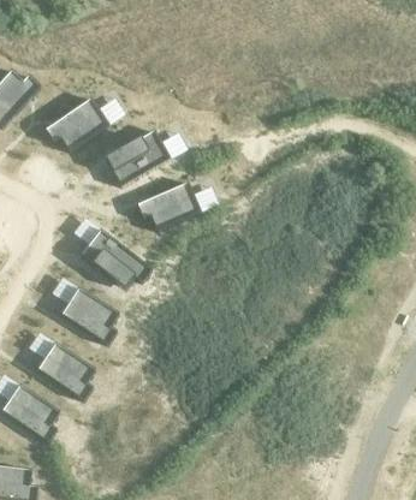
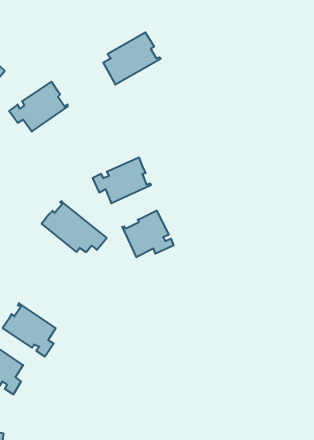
building: [103,129,167,186] -> [103,32,161,85]
building: none -> [122,211,174,257]
building: [57,286,115,345] -> none

